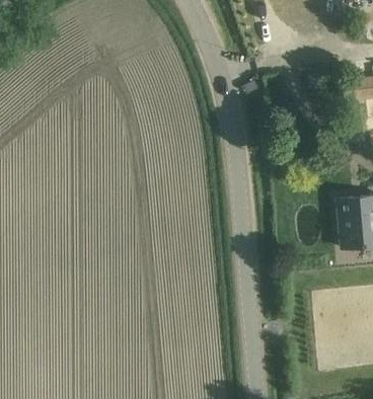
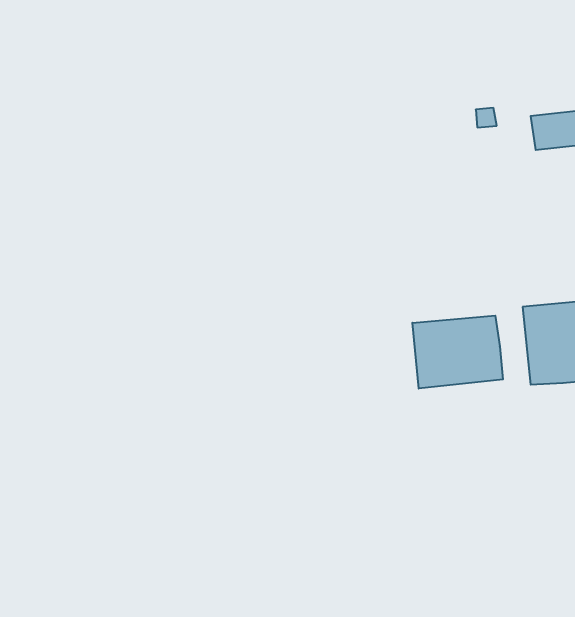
building: none -> [412,316,503,389]

